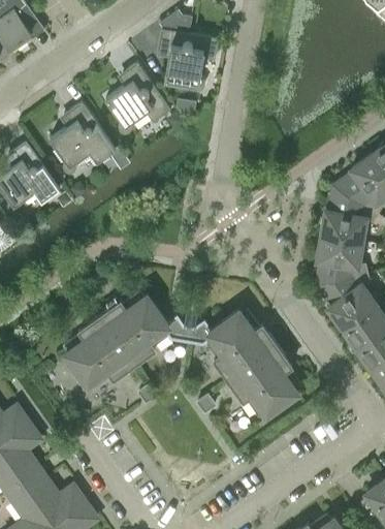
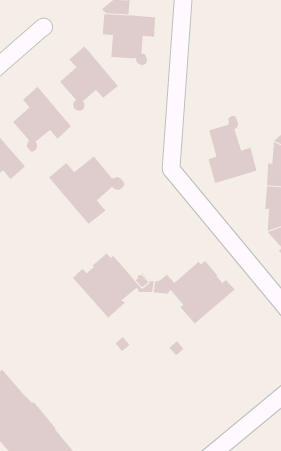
building: none -> [208,115,257,184]
building: none -> [48,156,125,225]
building: [64,316,134,387] -> none
building: [228,346,300,415] -> none

